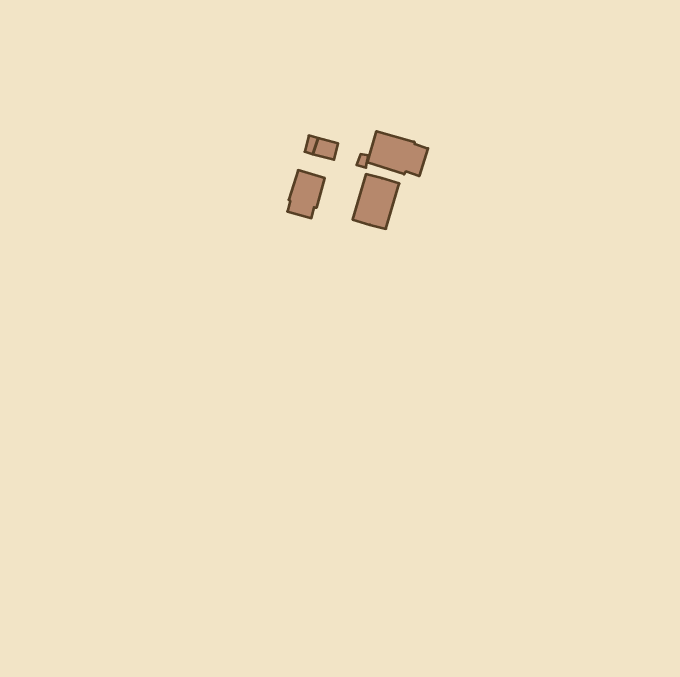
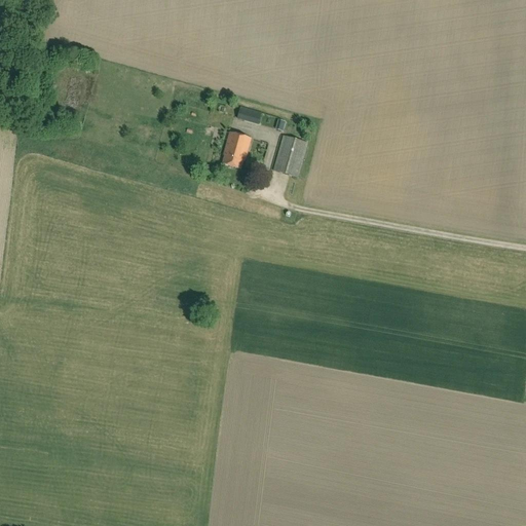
building: [367,131,428,176] -> none

